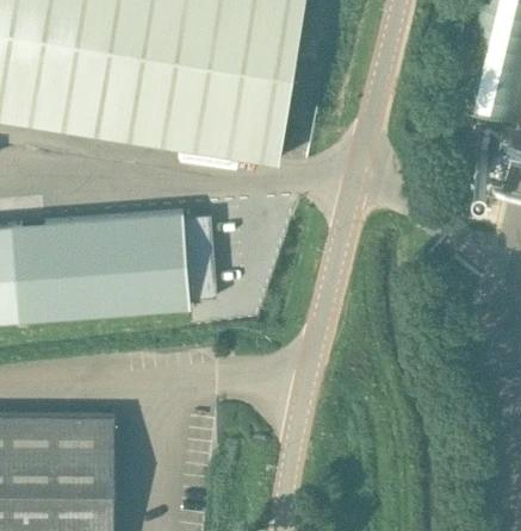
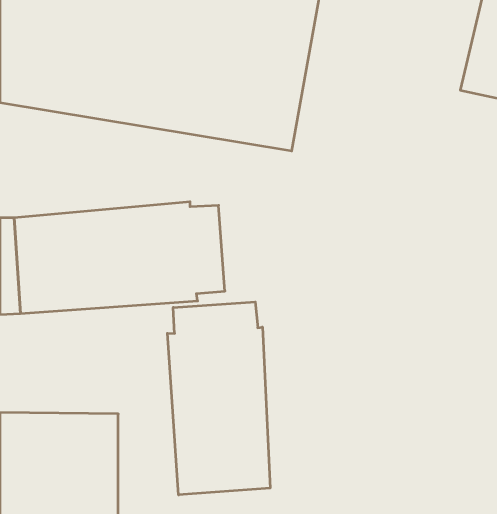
building: none -> [167,302,270,495]

